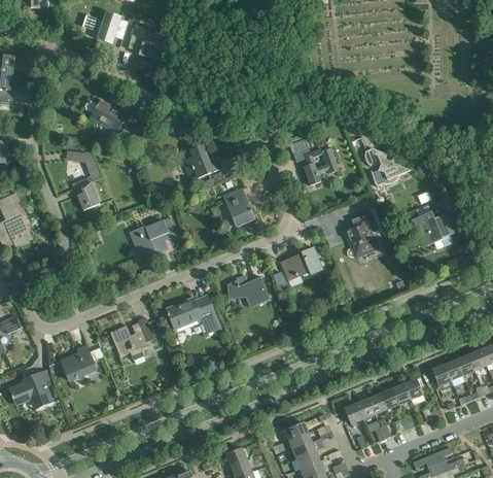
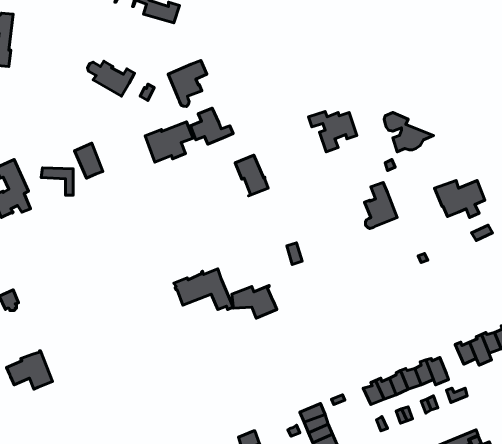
building: none -> [168,61,207,107]
building: [65,151,95,177] -> [41,168,73,195]
building: [130,218,175,257] -> [145,122,193,162]
building: [280,247,321,281] -> none
building: [226,276,269,307] -> [232,285,277,318]
building: [109,317,154,361] -> none
building: [60,346,96,380] -> none

